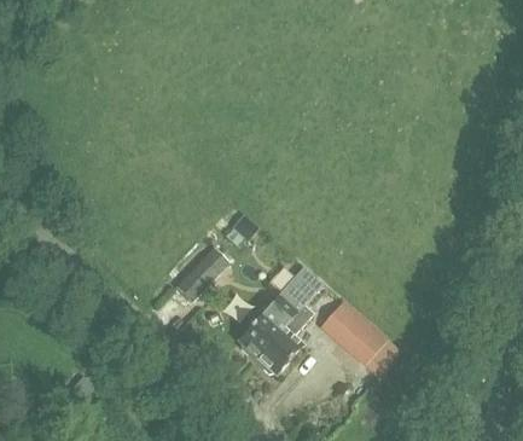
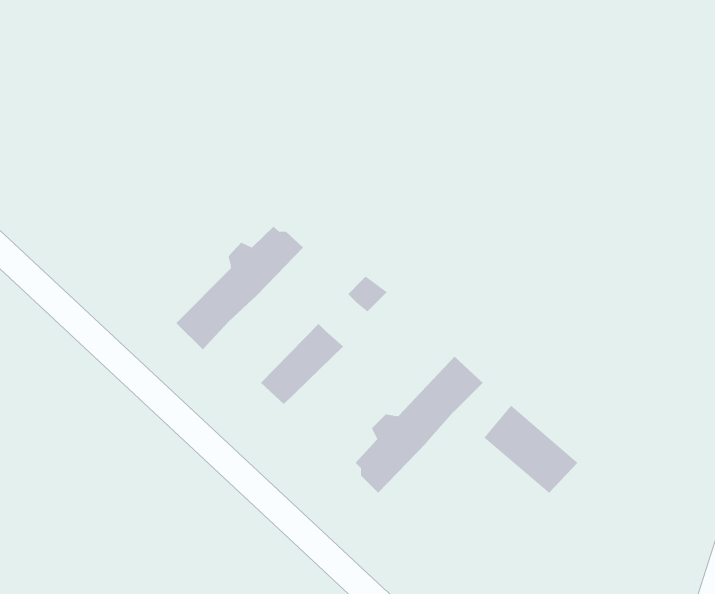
building: none -> [176,226,304,350]
building: [252,306,312,375] -> none

